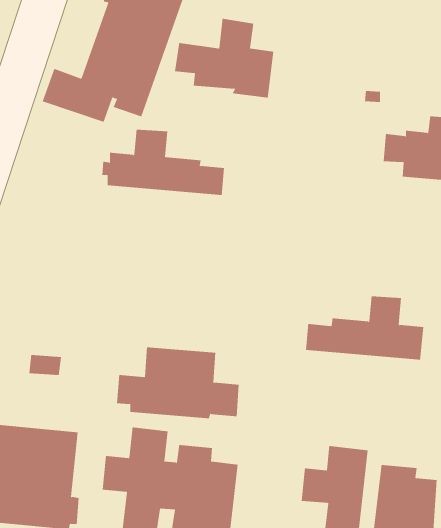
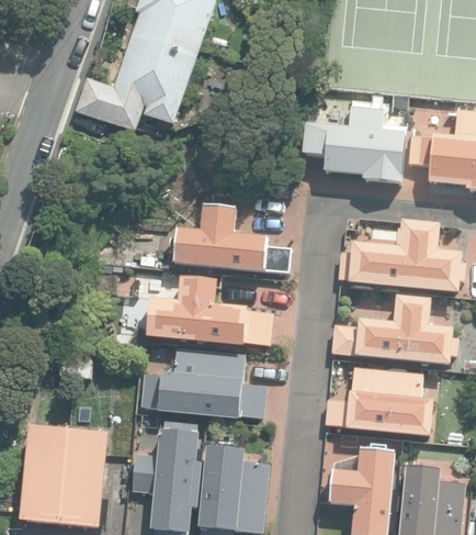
building: [174,18,274,98] -> [305,102,404,181]
building: [101,129,225,196] -> [169,207,291,272]
building: none -> [341,226,457,288]
building: none -> [149,272,268,342]
building: none -> [325,363,429,428]

